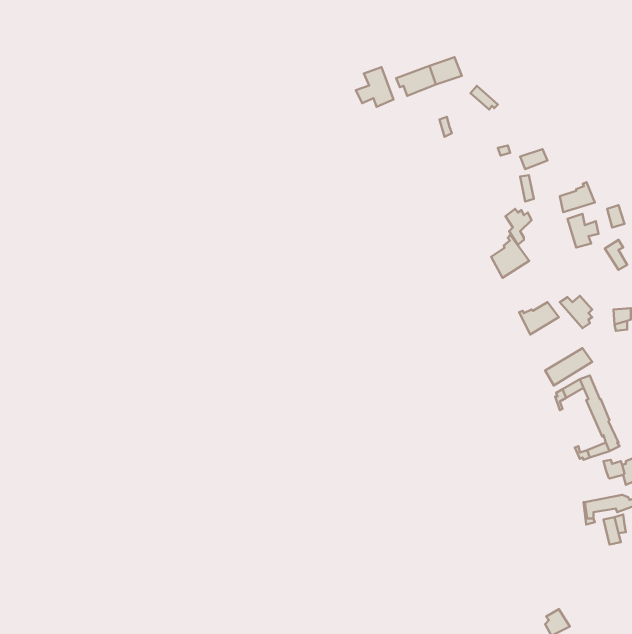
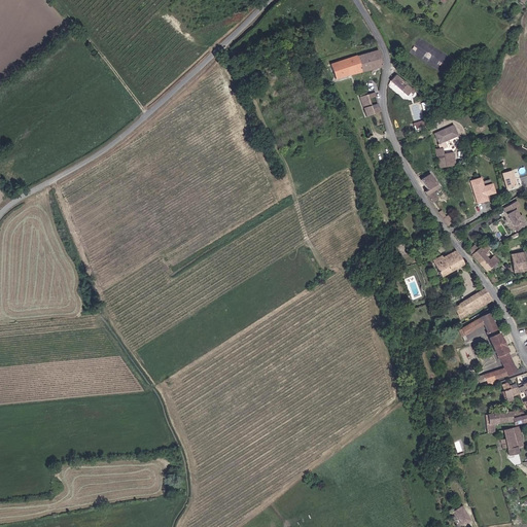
building: [356,67,394,107] -> none
building: [560,182,595,212] -> none
building: [491,235,529,278] -> none

